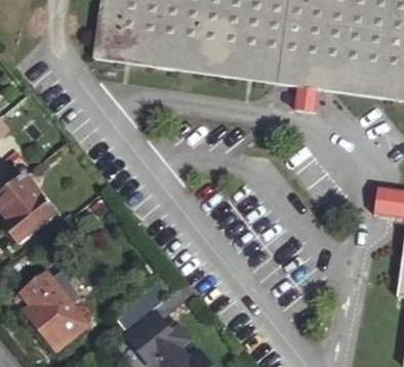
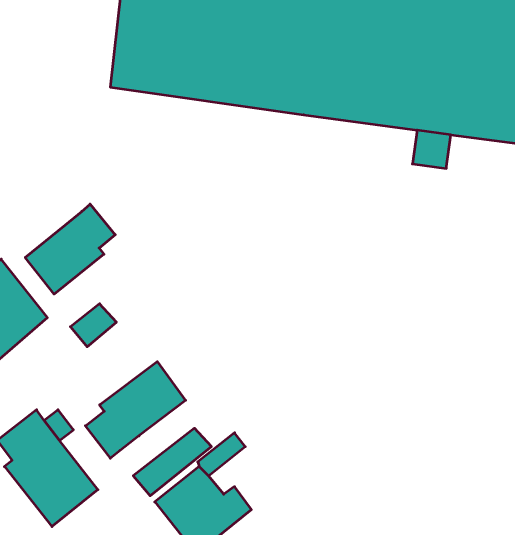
building: none -> [25,204,115,294]
building: none -> [85,362,186,458]

